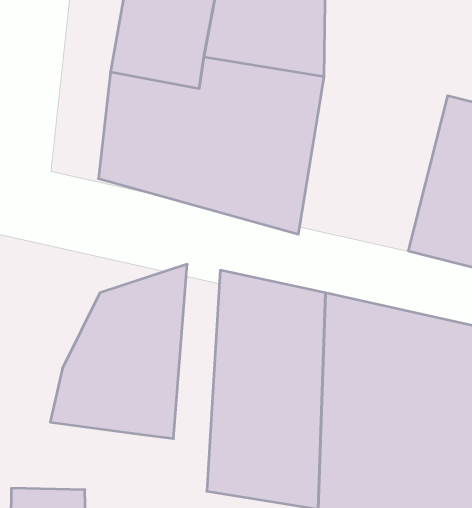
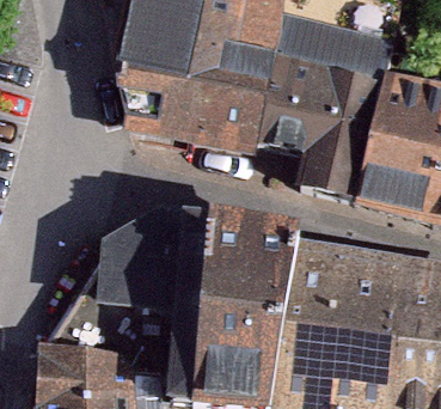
building: none -> [269,62,376,201]
building: none -> [41,337,143,391]

